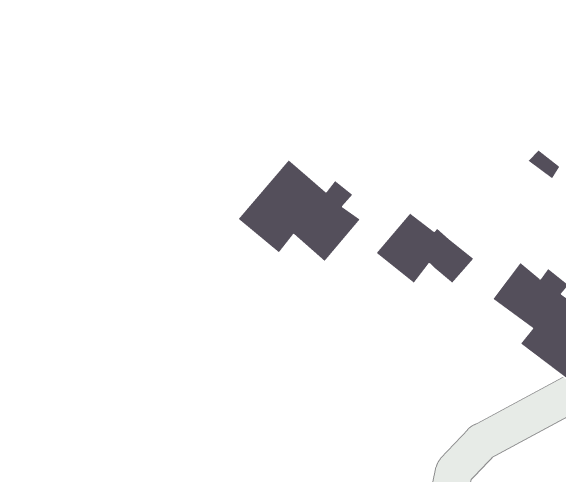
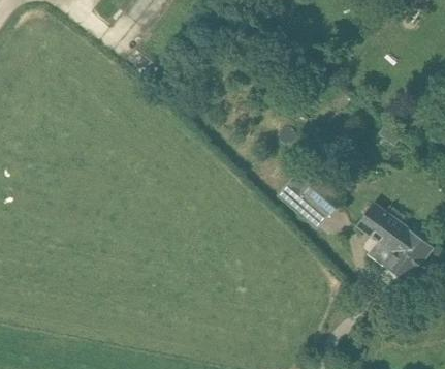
building: [238,159,360,262] -> none

